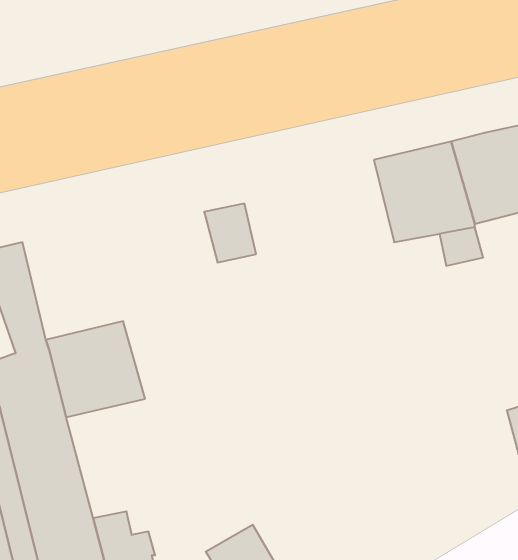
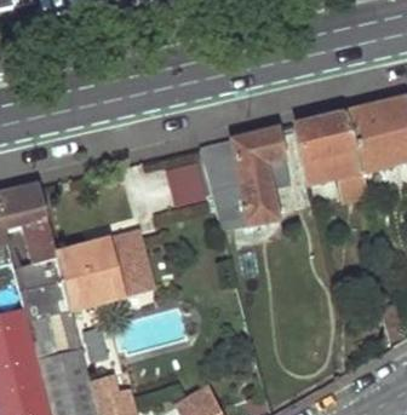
building: none -> [202,127,292,227]
building: none -> [113,234,153,295]

